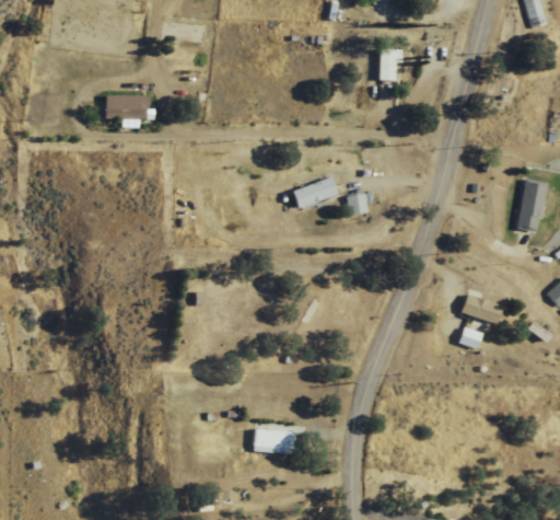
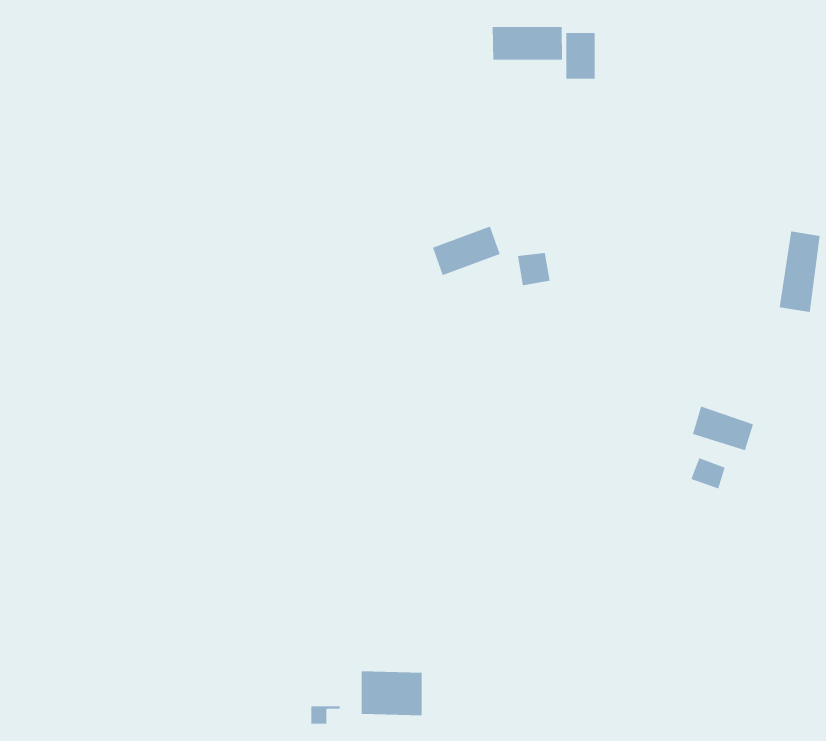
building: none -> [492,26,563,60]
building: [103,101,147,118] -> none
building: [254,424,294,453] -> [361,671,423,716]

